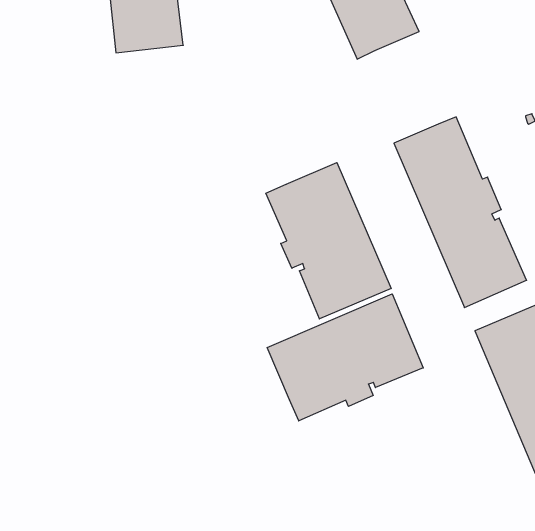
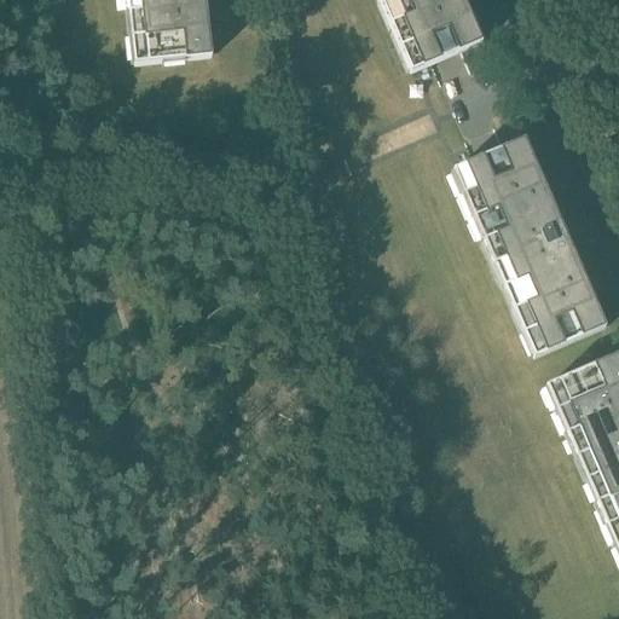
building: [266,163,391,319] -> none
building: [267,294,423,421] -> none

